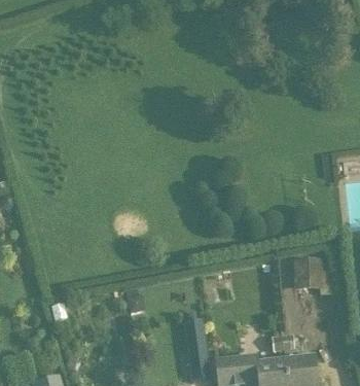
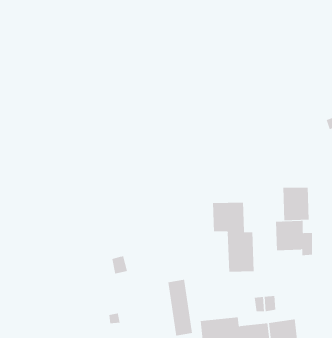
building: none -> [283,187,309,221]
building: none -> [213,202,254,273]

